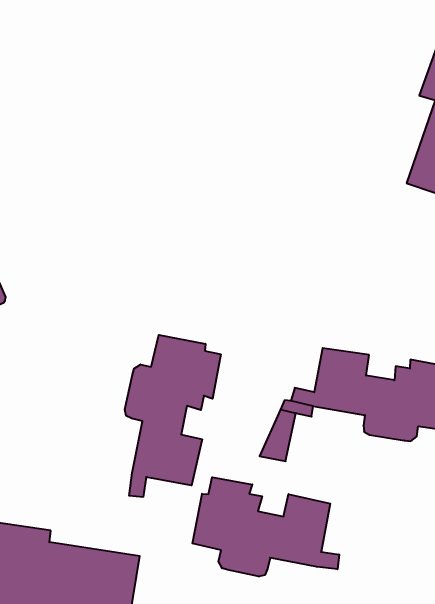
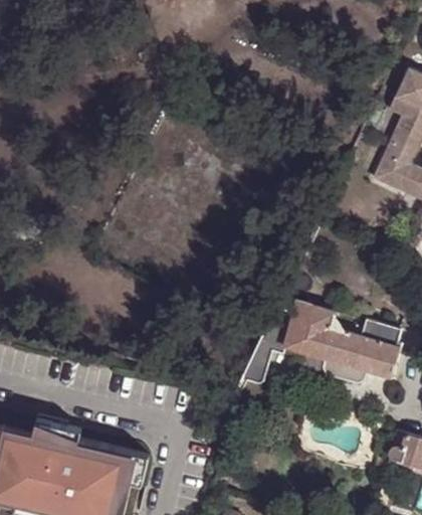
building: [125,335,221,497] -> none
building: [192,477,339,577] -> none

